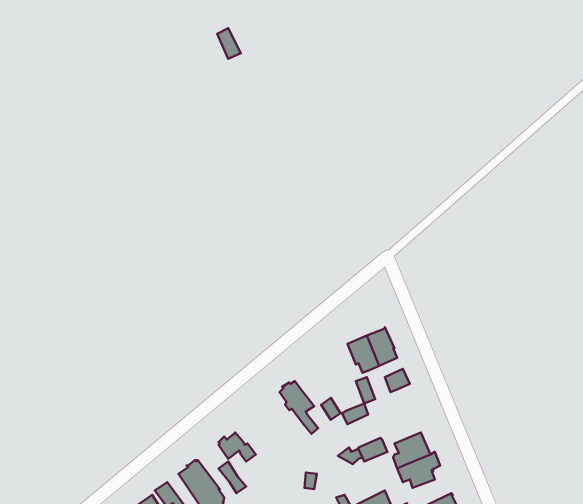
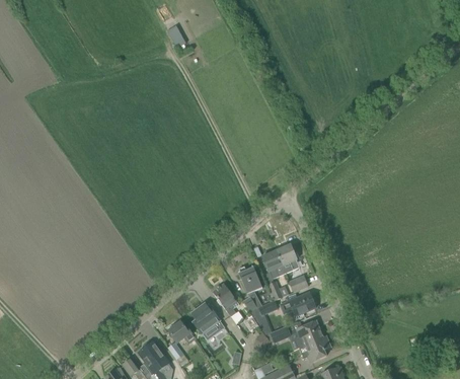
building: none -> [238,266,262,293]
building: none -> [280,292,315,315]
building: none -> [191,303,225,334]

